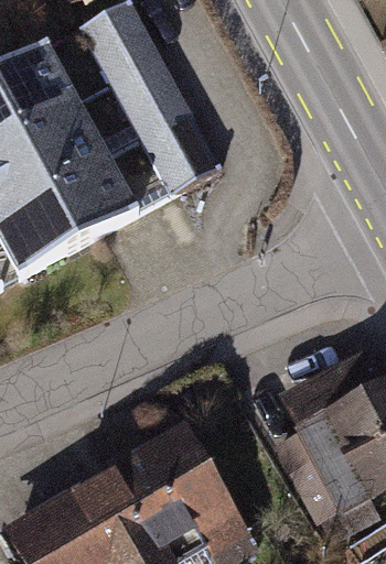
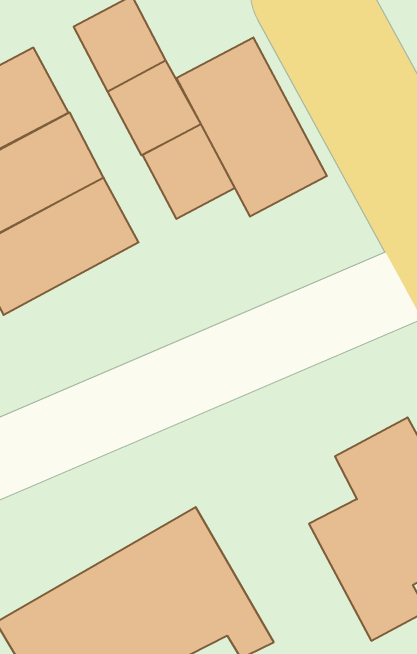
building: none -> [176,37,327,217]

